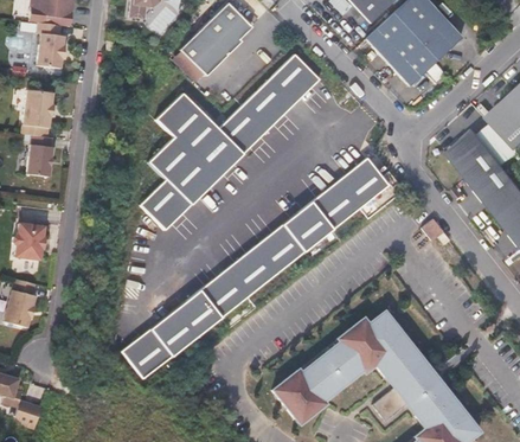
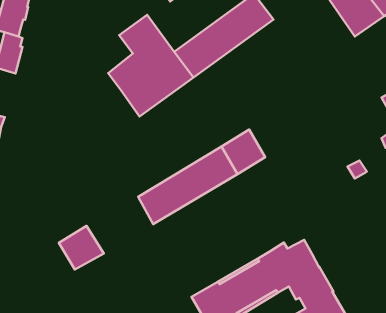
building: [310,158,387,229] -> none
building: [142,179,191,230] -> none
building: [150,290,222,357] -> none

